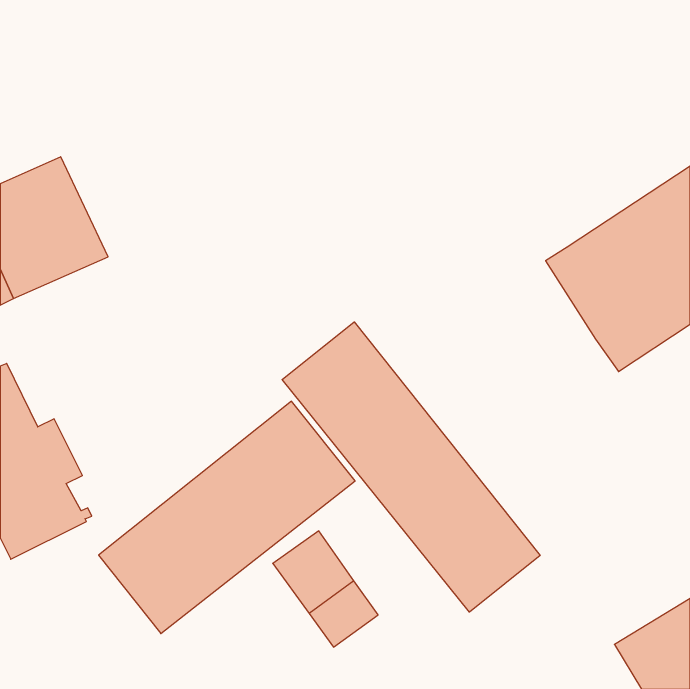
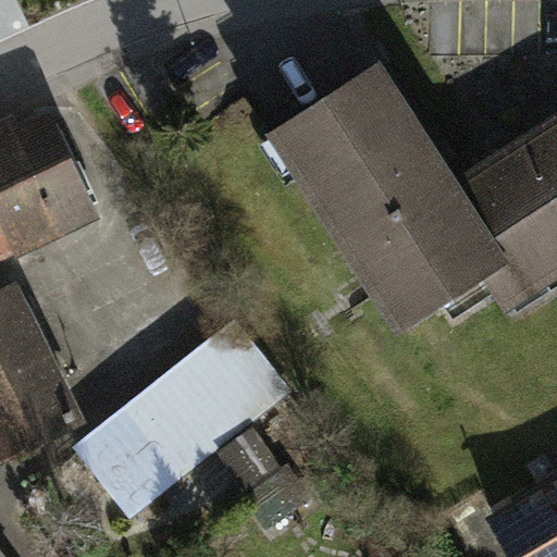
building: none -> [278,70,480,322]
building: [282,322,540,612] -> none

